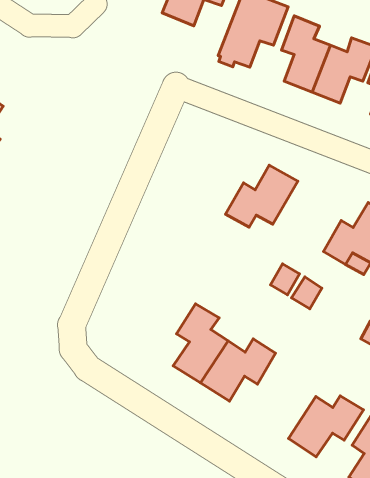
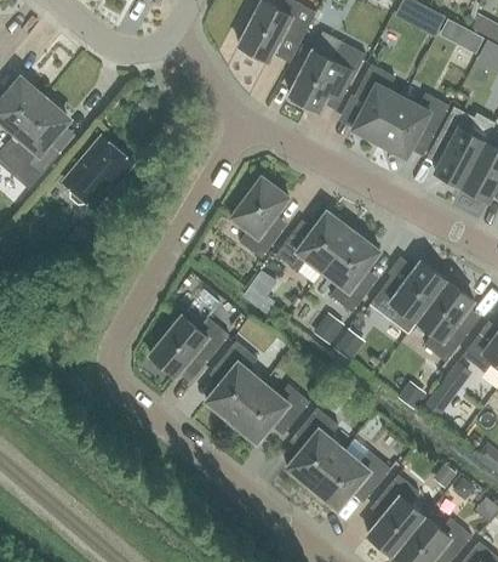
building: none -> [64,136,133,217]
building: none -> [230,177,287,259]
building: none -> [322,231,380,312]
building: none -> [241,271,275,312]
building: none -> [149,316,228,376]
building: none -> [286,408,344,488]

